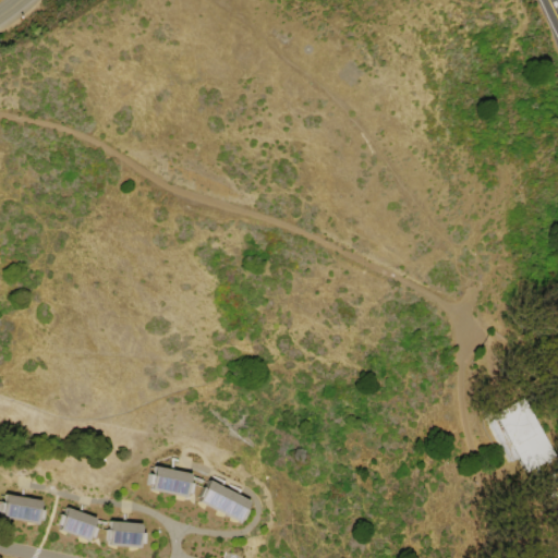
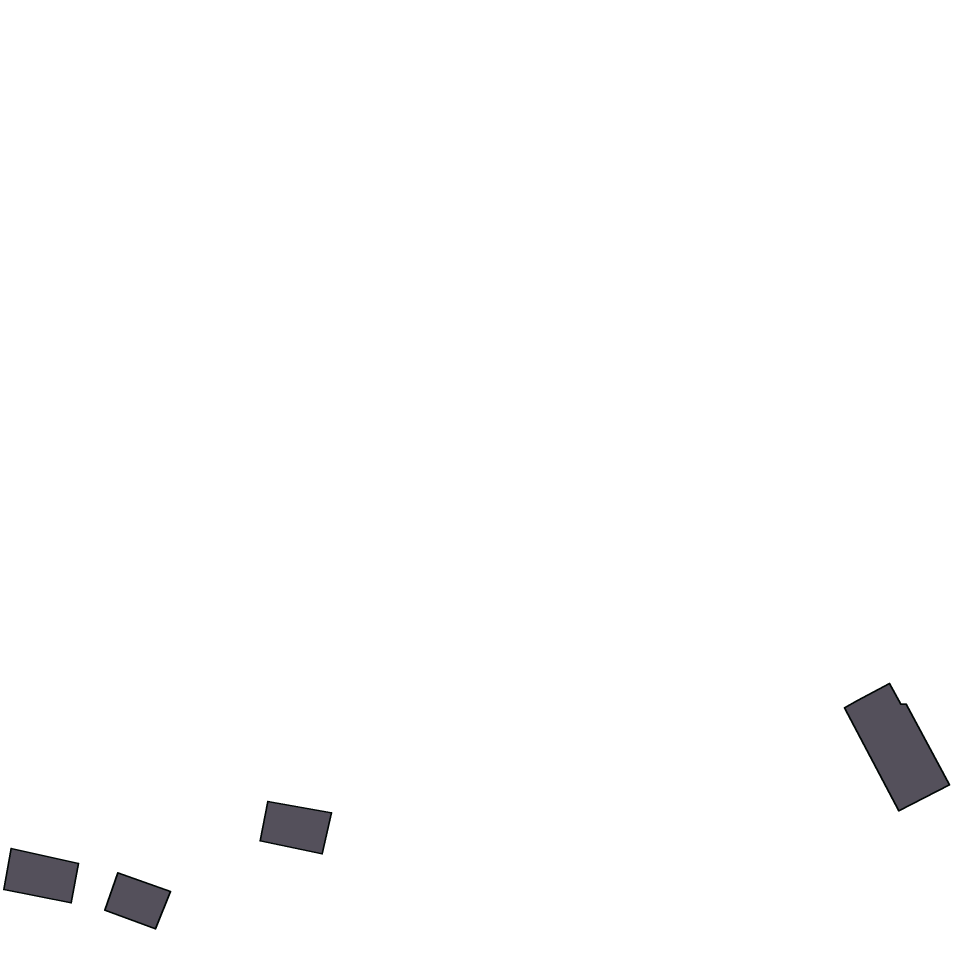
building: [202,481,252,522] -> none
building: [111,520,145,548] -> none

